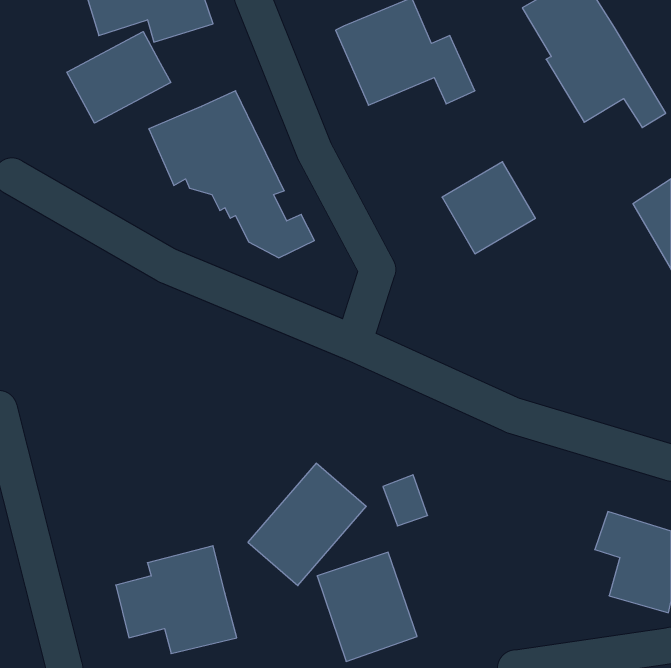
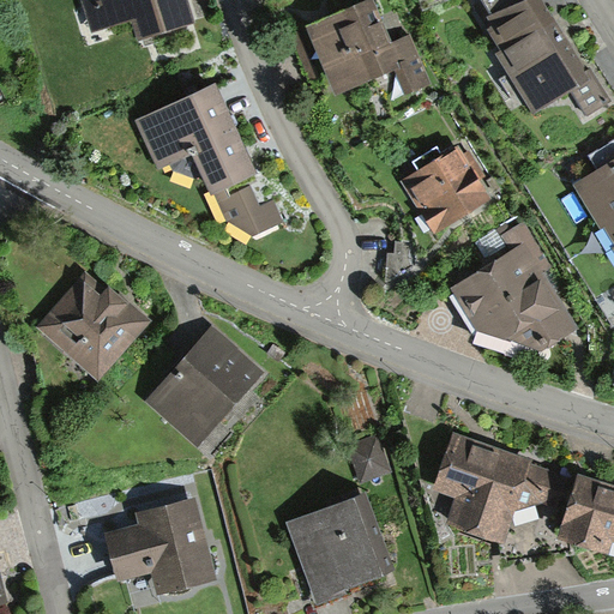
building: [67,32,171,123] -> none
building: none -> [451,221,578,351]
building: none -> [36,272,151,381]
building: [248,463,366,586] -> [150,331,258,443]
building: none -> [433,433,554,542]

